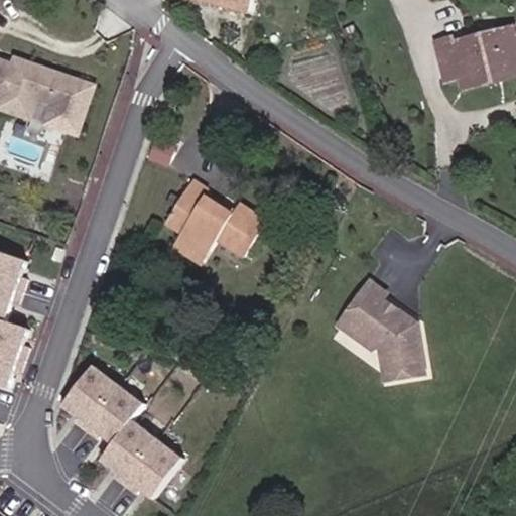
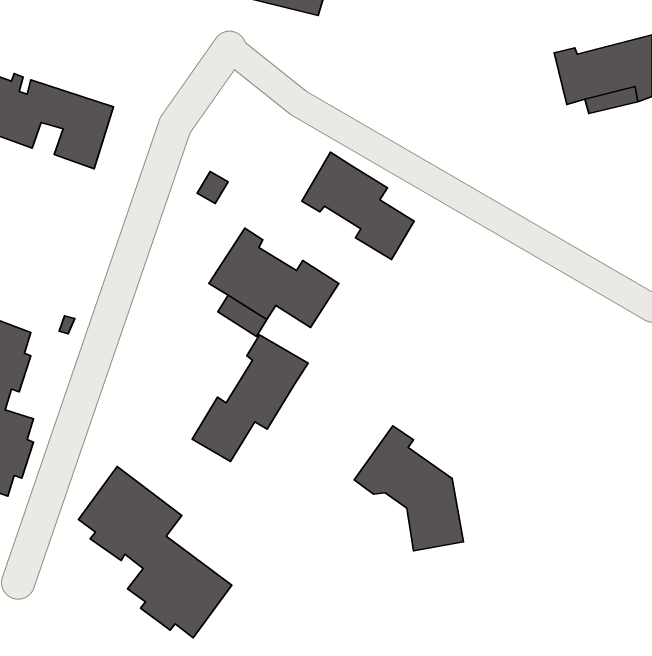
building: none -> [302,152,414,260]
building: none -> [192,335,308,462]
building: [338,282,423,380] -> [354,426,464,551]

